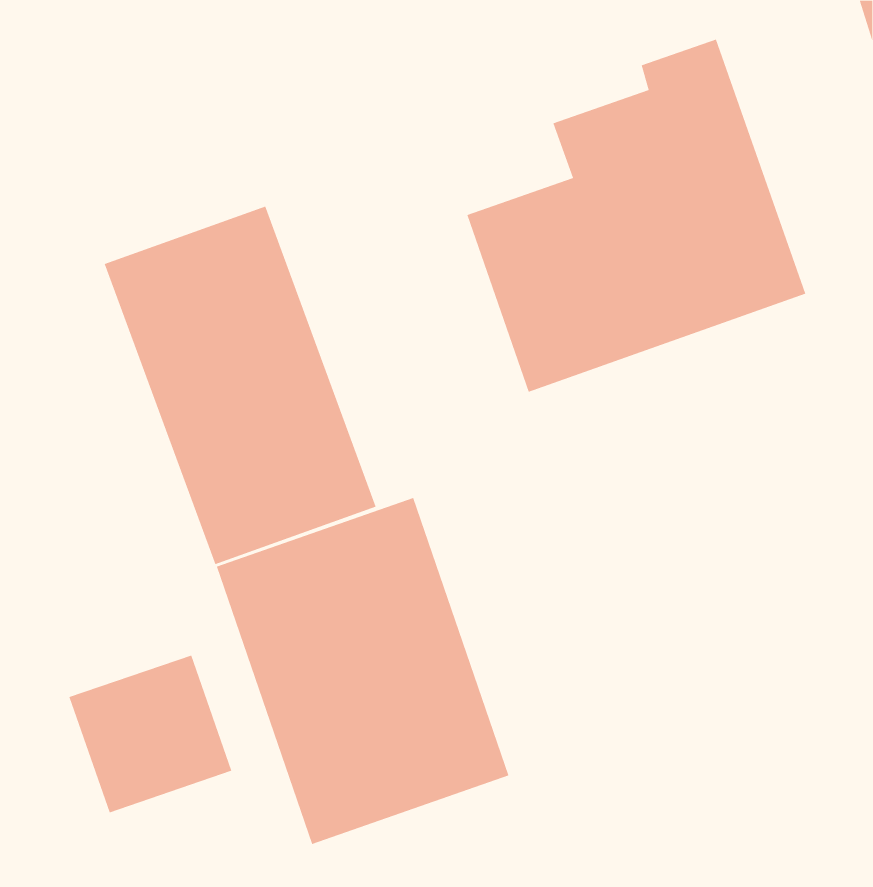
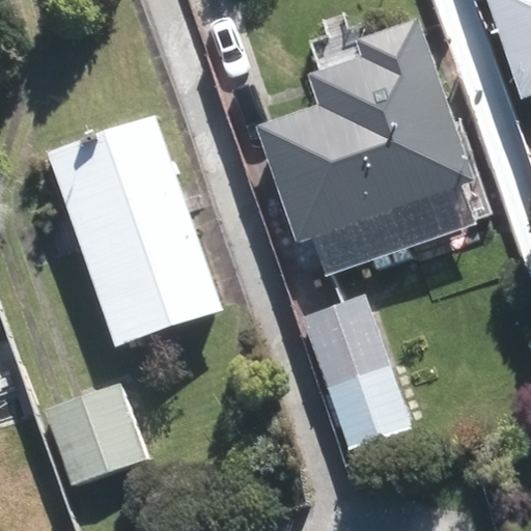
building: none -> [294,295,402,449]
building: [216,497,509,845] -> none

